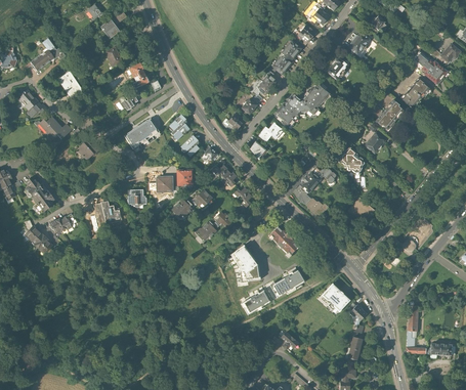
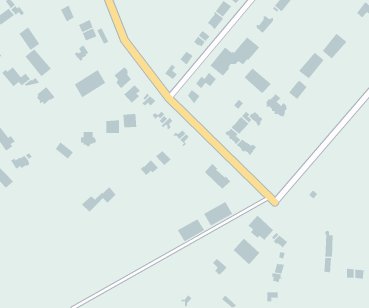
building: [410,48,449,84] -> none
building: none -> [25,48,52,77]
building: none -> [244,68,272,94]
building: [172,189,212,219] -> [81,186,117,213]
building: [229,247,257,283] -> none
building: none -> [233,238,260,265]

